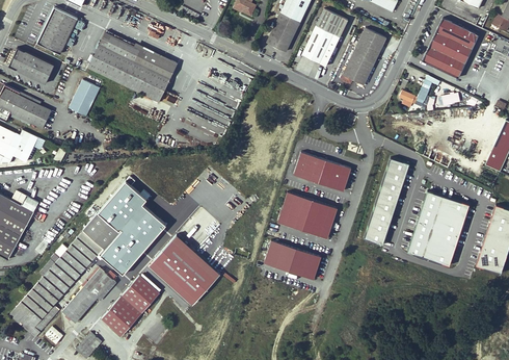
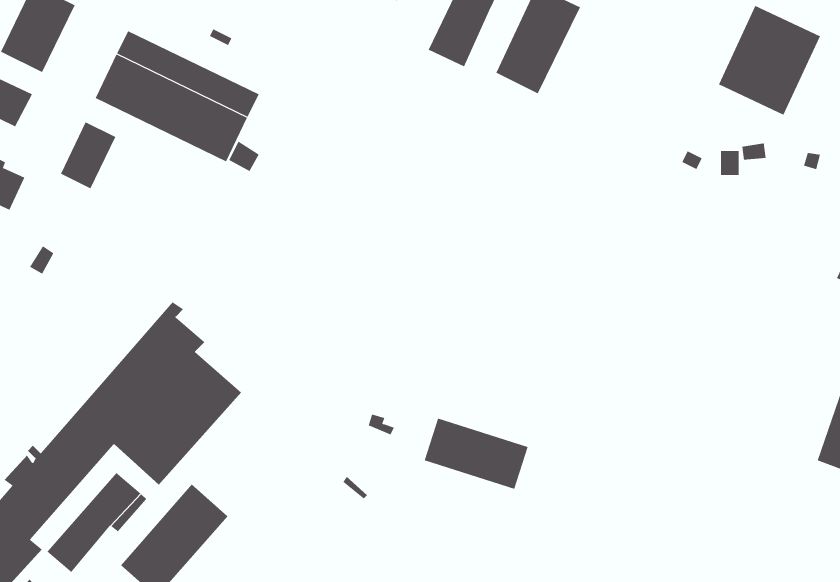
building: [341,27,386,84] -> none
building: [293,151,350,189] -> none
building: [364,157,409,243] -> none
building: [275,188,334,234] -> none
building: [407,189,470,263] -> none
building: [146,232,219,304] -> none

